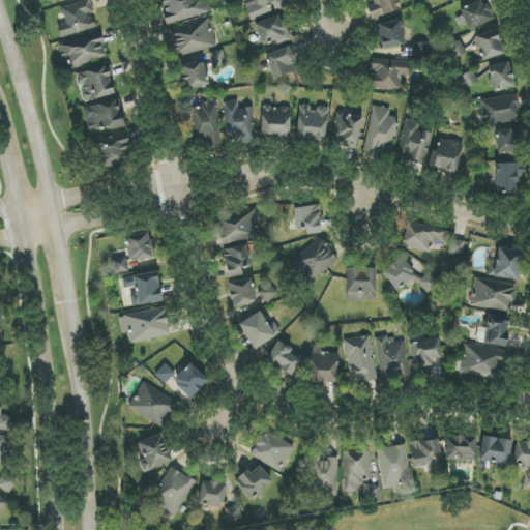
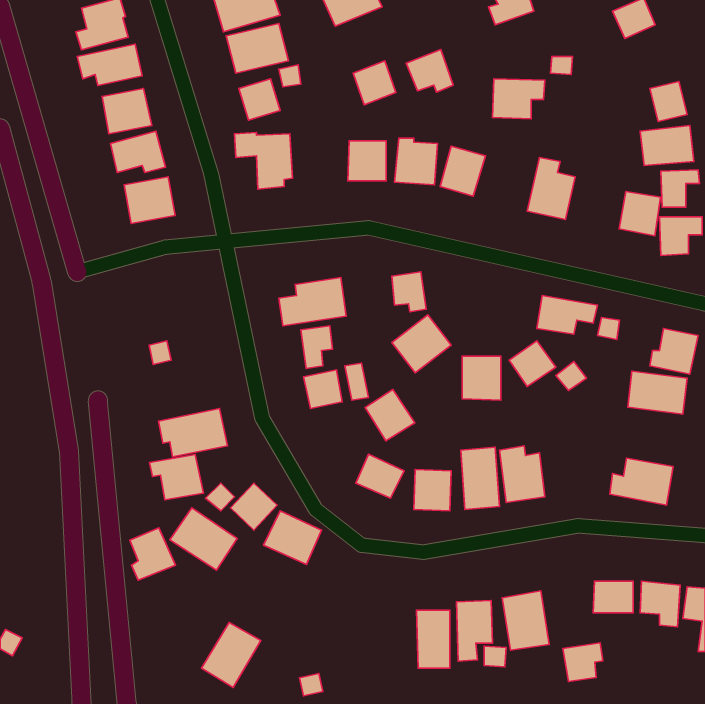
building: [255,13,290,46] -> [406,49,453,92]
building: [377,19,406,49] -> none
building: [474,28,505,61] -> none
building: [224,100,254,140] -> none
building: [364,105,399,153] -> none
building: [431,138,462,171] -> [619,192,660,236]
building: [126,233,152,260] -> none
building: [122,271,163,305] -> [150,454,203,500]
building: [239,311,276,349] -> [365,390,415,441]
building: [484,315,508,345] -> none
building: [409,335,443,366] -> none
building: [251,430,294,470] -> [264,511,322,565]
building: [138,433,172,472] -> [130,528,176,580]
building: [410,438,440,467] -> [563,643,603,682]
building: [234,465,273,499] -> none
building: [200,481,225,505] -> none

